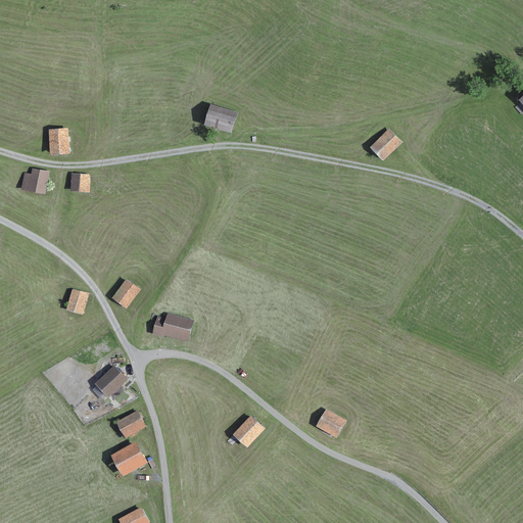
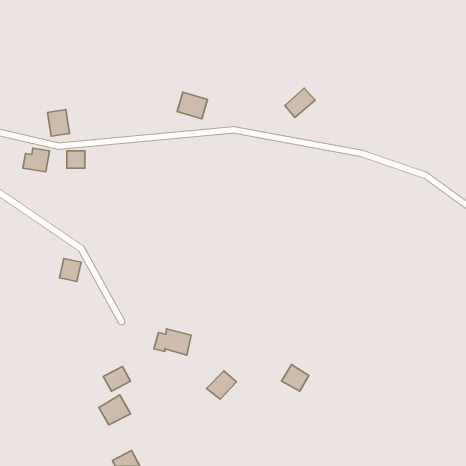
building: [366,130,399,162] -> [285,88,315,117]
building: [110,278,140,308] -> none
building: [151,312,193,341] -> [154,329,191,355]
building: [91,365,127,400] -> none

